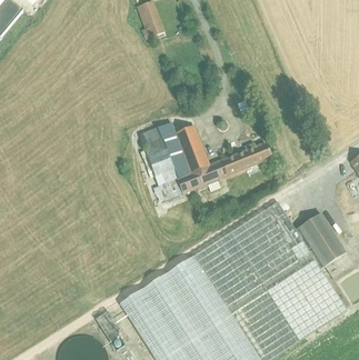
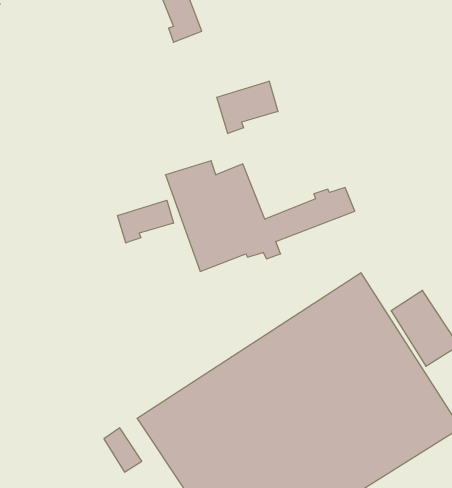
building: none -> [217,81,278,134]
building: none -> [118,200,173,243]

